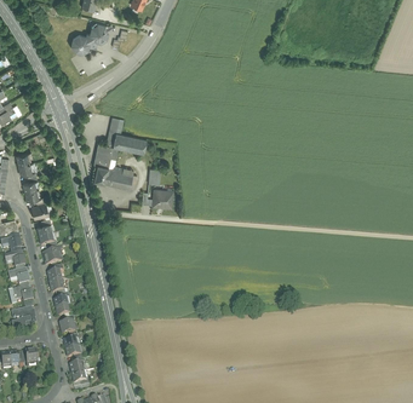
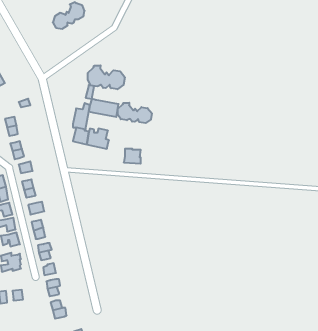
building: none -> [88,65,125,89]
building: none -> [118,103,152,123]

